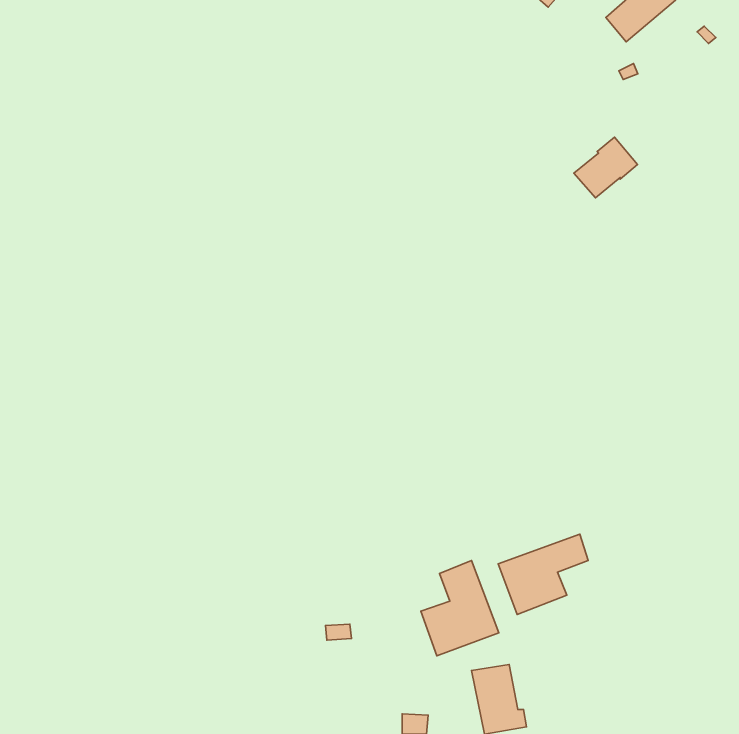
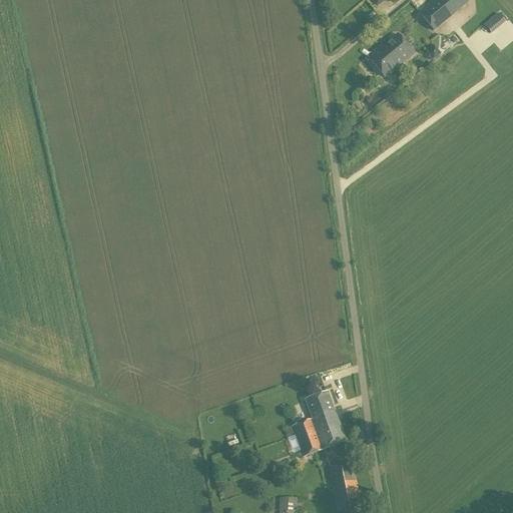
building: [574,137,638,198] -> [369,32,413,74]
building: [498,534,588,614] -> none

